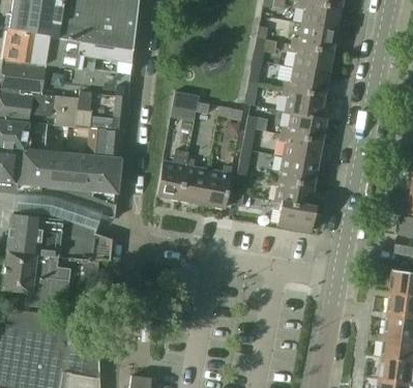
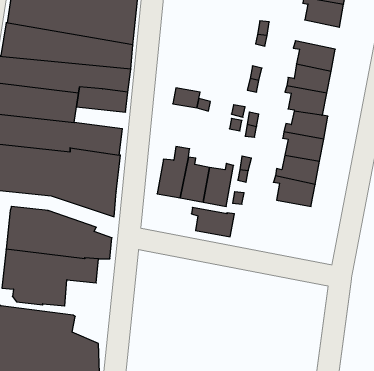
building: [293,25,336,54] -> none
building: [75,111,125,132] -> none
building: [273,203,316,232] -> [191,207,234,237]

